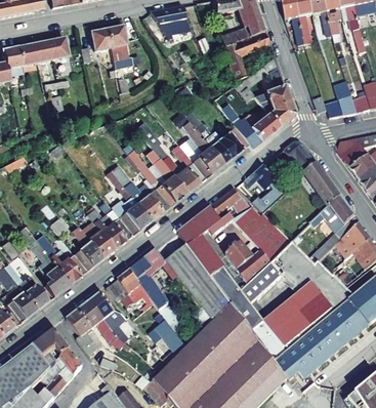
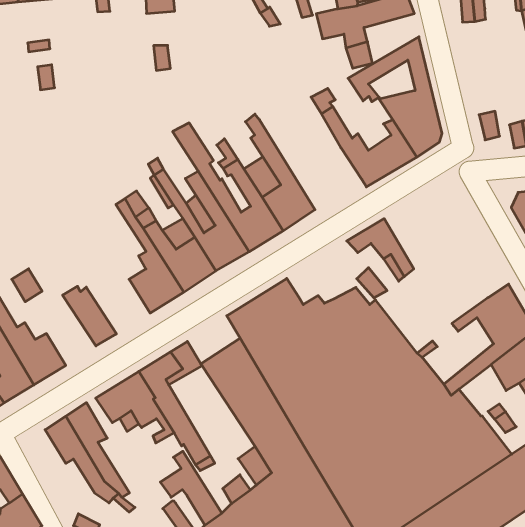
building: [184,110,248,164] -> none
building: [284,141,340,205] -> none
building: [210,189,251,216] -> none
building: [86,207,132,249] -> none
building: [71,226,102,271] -> none
building: [67,310,97,355] -> none

